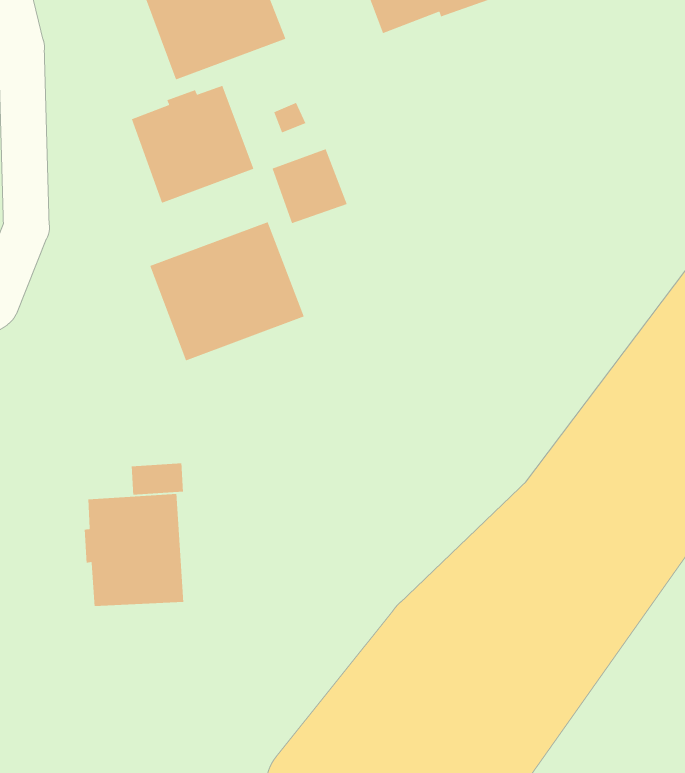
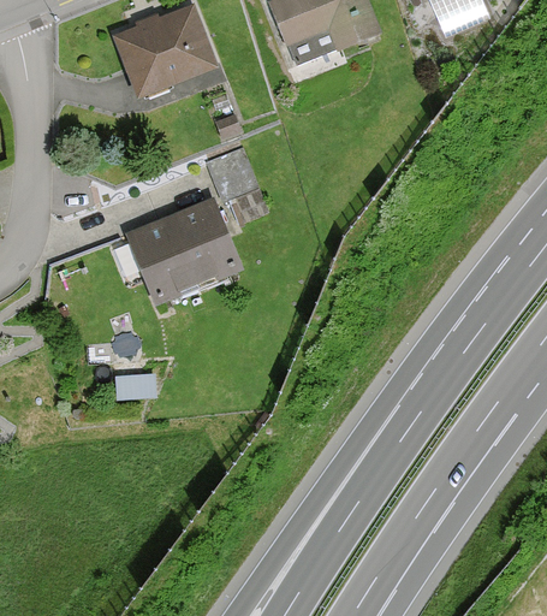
building: [131,85,254,204] -> none
building: [84,493,184,607] -> none

